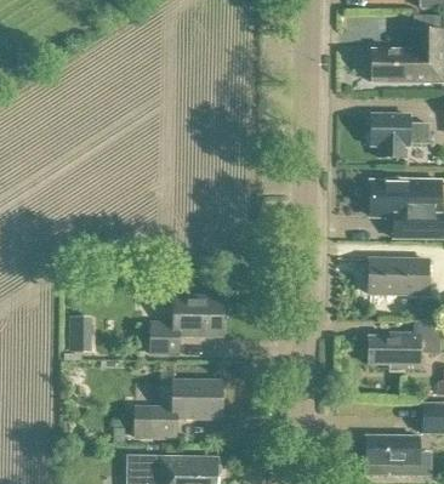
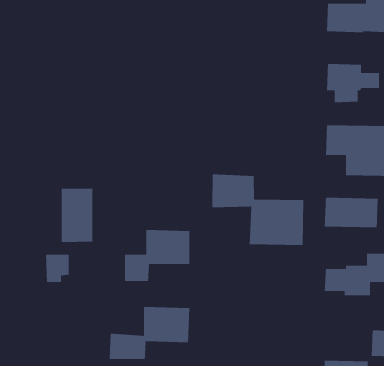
building: none -> [212,174,304,246]
building: none -> [61,188,93,243]

